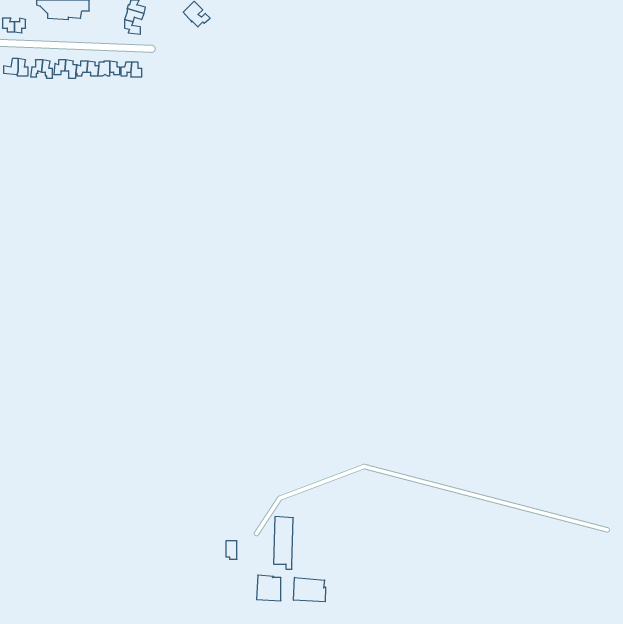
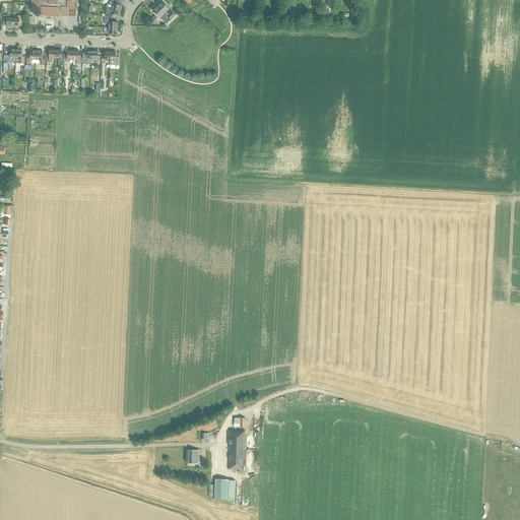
building: [294,577,325,602] -> none

